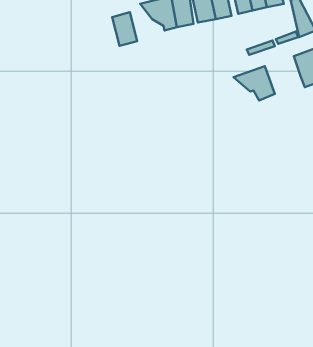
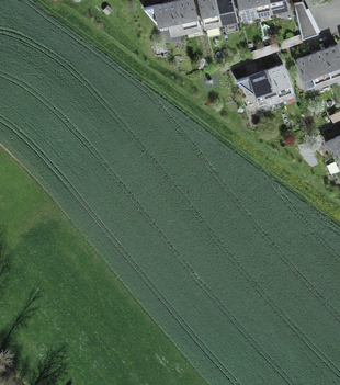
building: [112,12,137,46] -> none
building: none -> [270,63,294,94]

